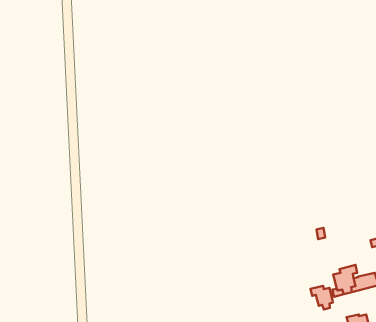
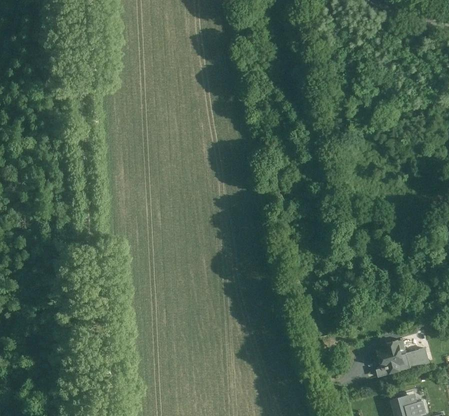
building: [310,286,333,310] -> none

